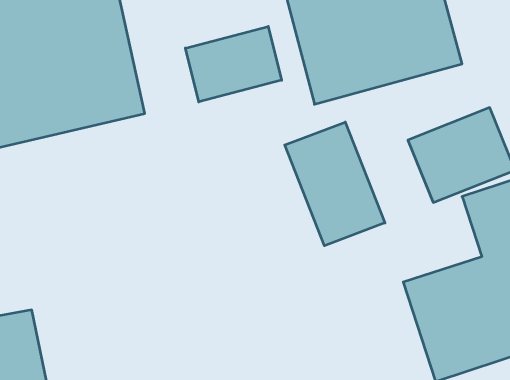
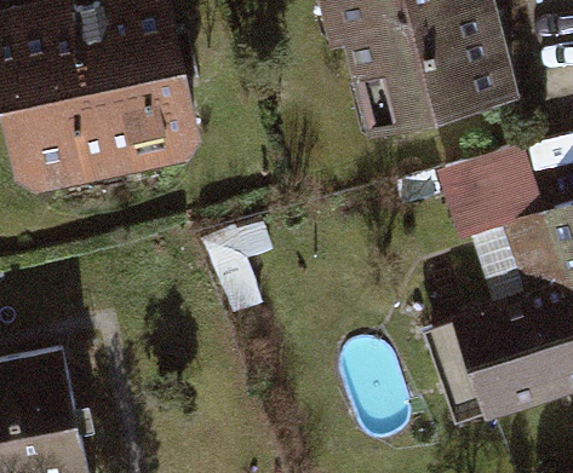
building: [185,26,282,102] -> none
building: [285,122,385,246] -> none

